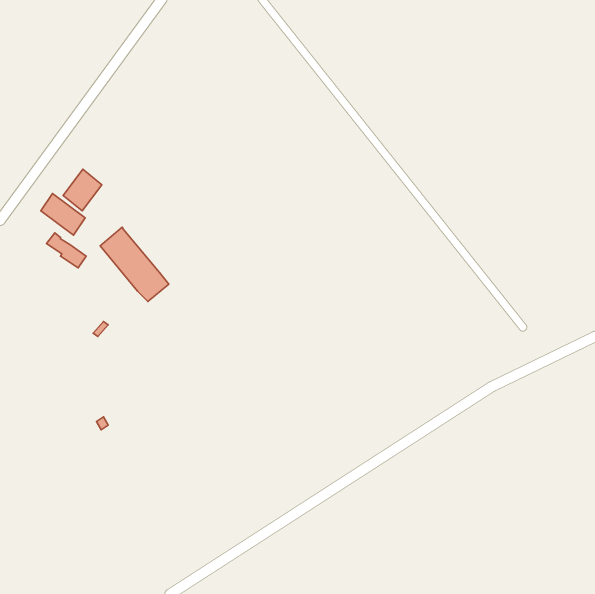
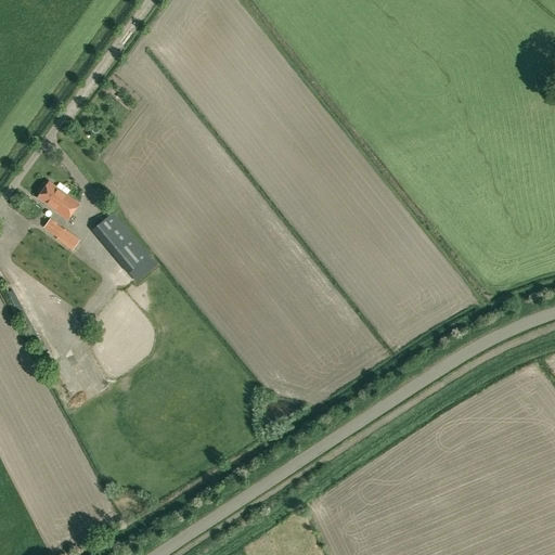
building: [63,169,102,211] -> none

